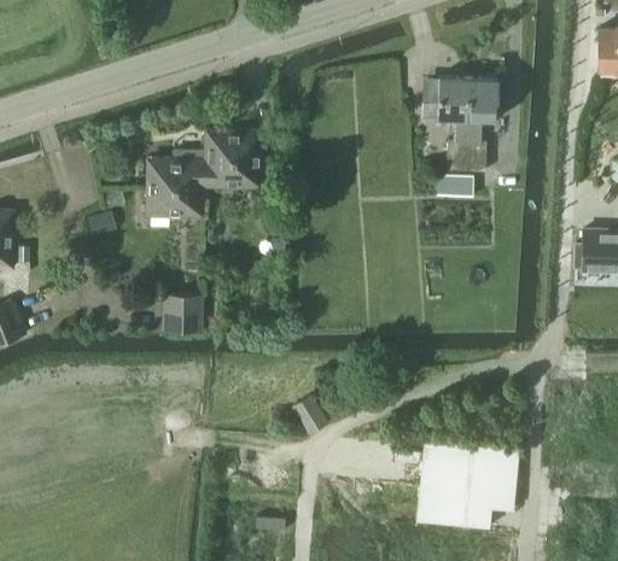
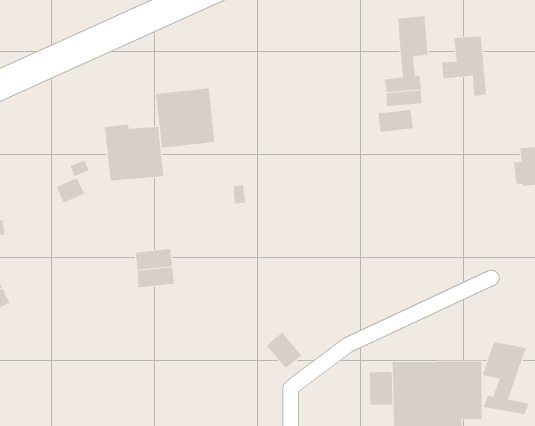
building: [421,77,467,141] -> [441,36,487,96]
building: none -> [482,341,529,415]
building: none -> [369,371,393,405]

